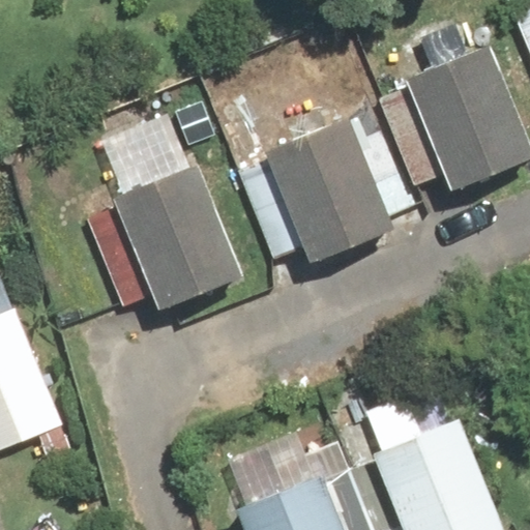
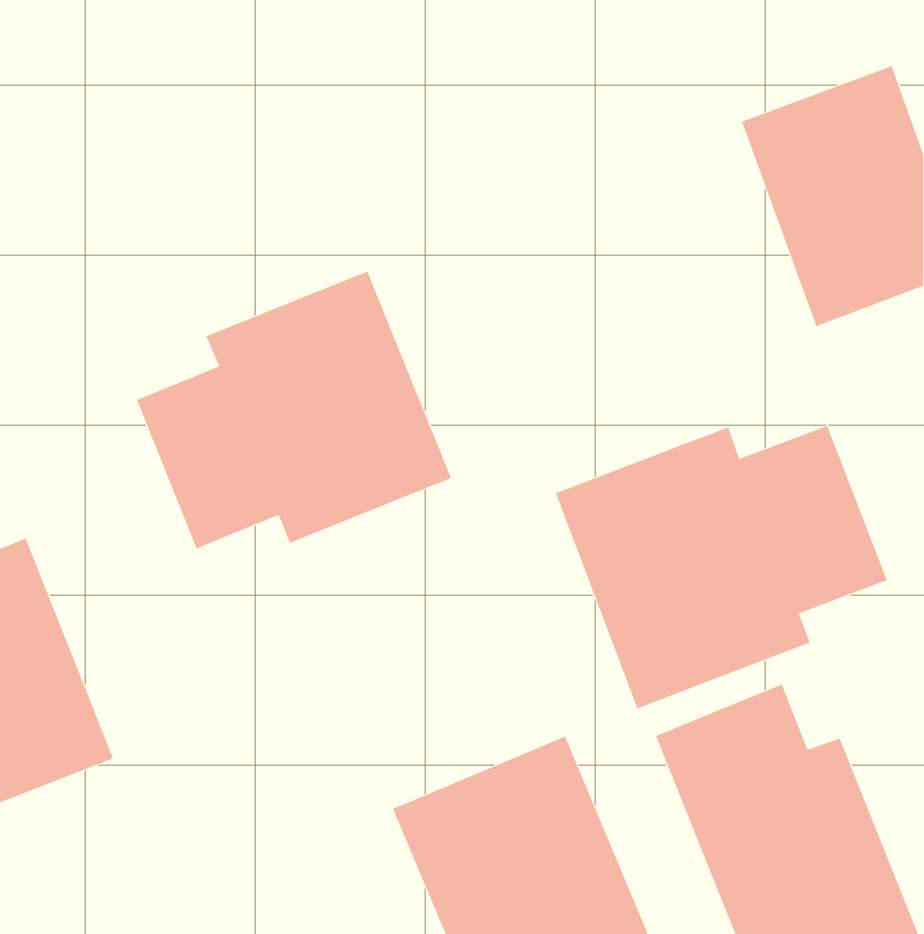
building: [266,105,404,270] -> none
building: none -> [555,425,887,709]

